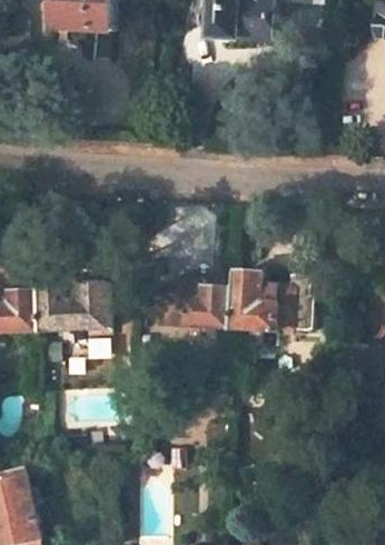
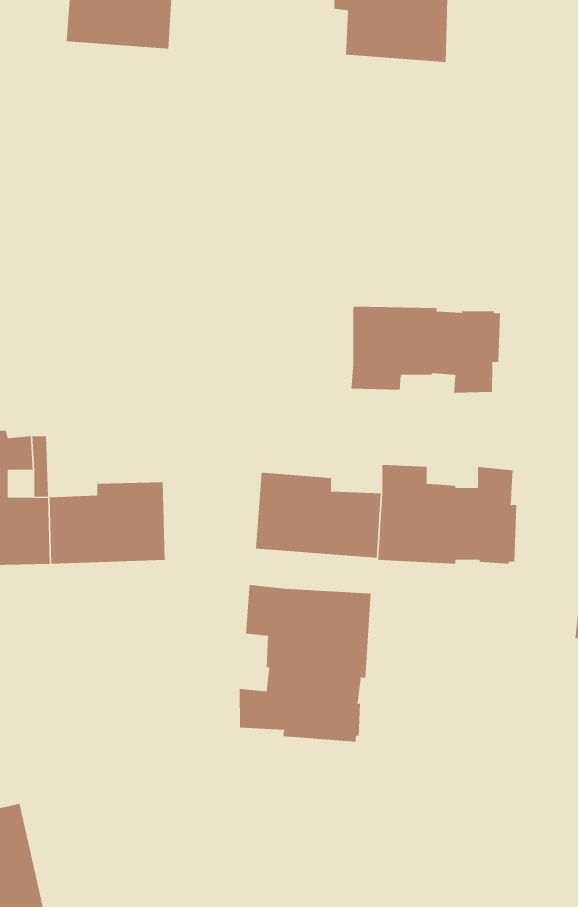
building: none -> [351,306,501,394]
building: none -> [239,584,371,743]

